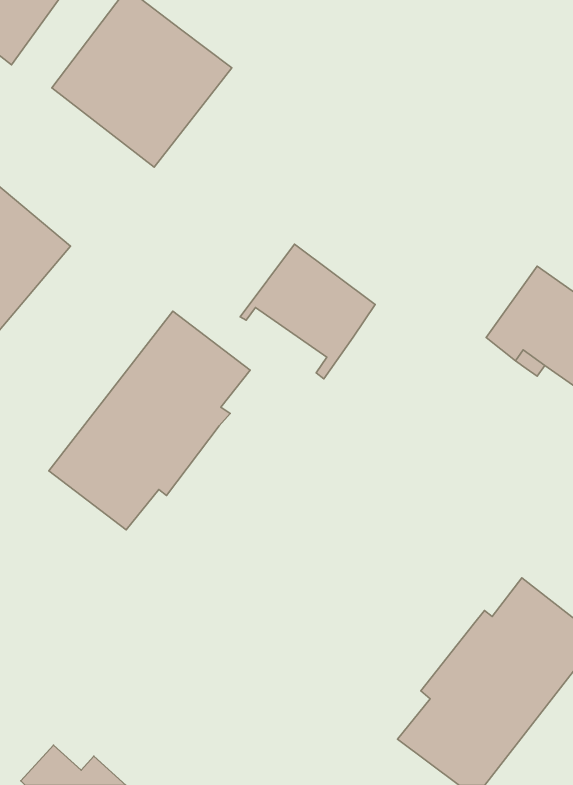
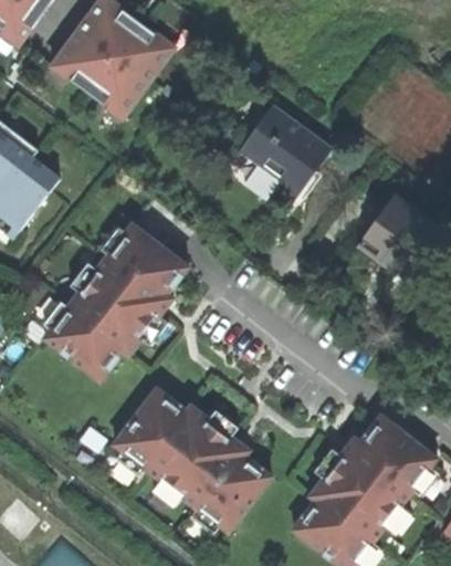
building: [240,244,375,379] -> [229,105,325,201]
building: none -> [114,387,271,531]

